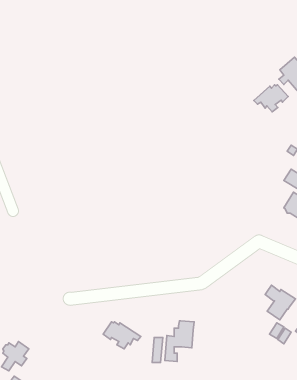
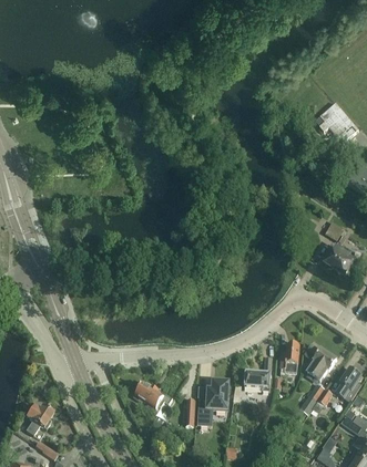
building: [254,85,288,112] -> none
building: none -> [279,343,298,375]
building: none -> [244,356,272,391]

